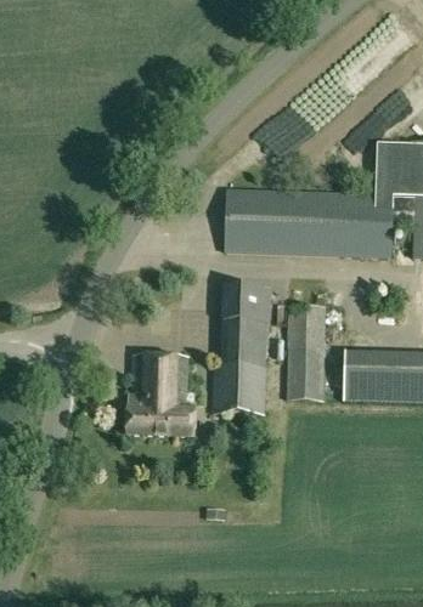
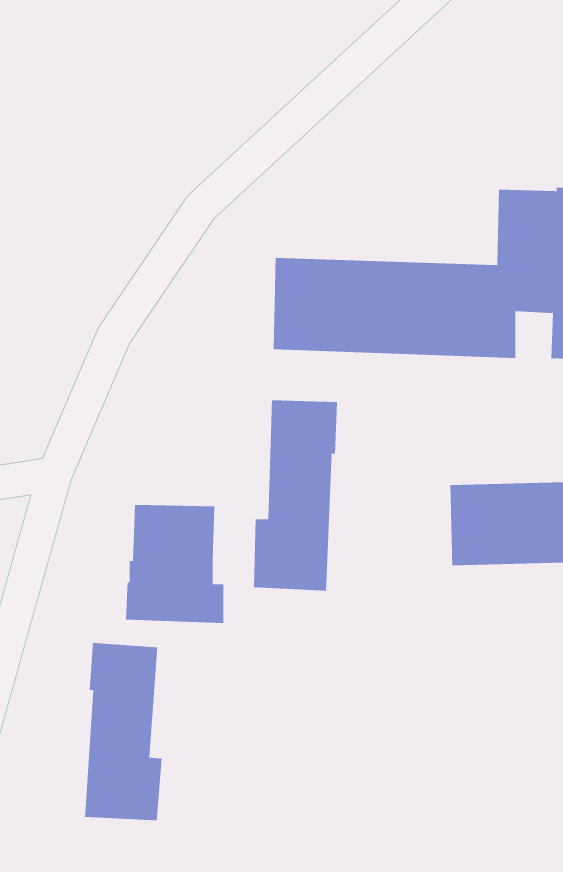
building: [287,305,326,402] -> none
building: none -> [85,642,162,821]

